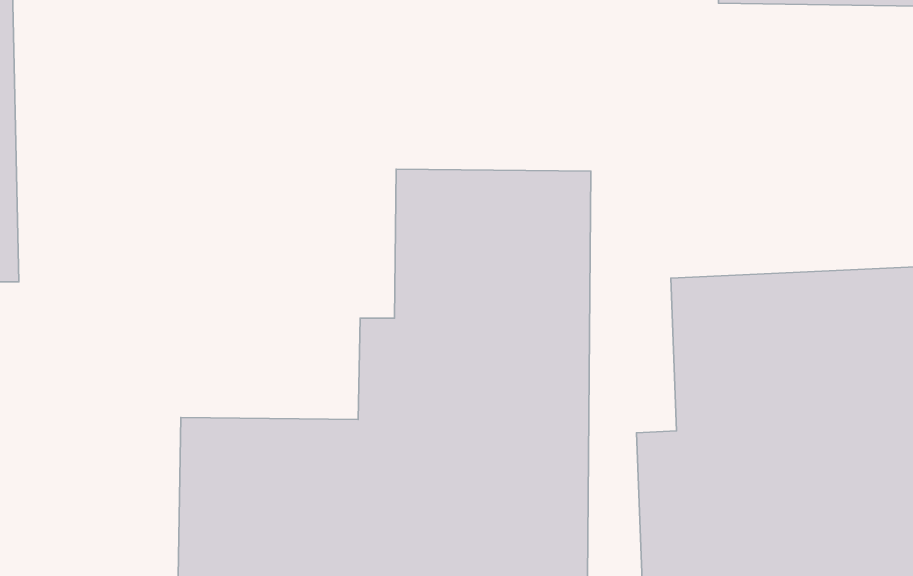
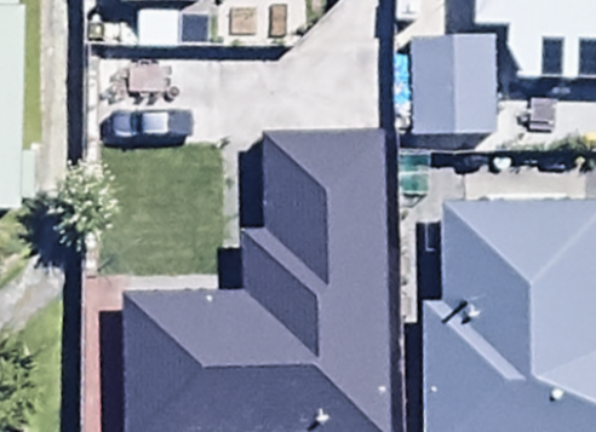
building: none -> [411,36,497,137]

